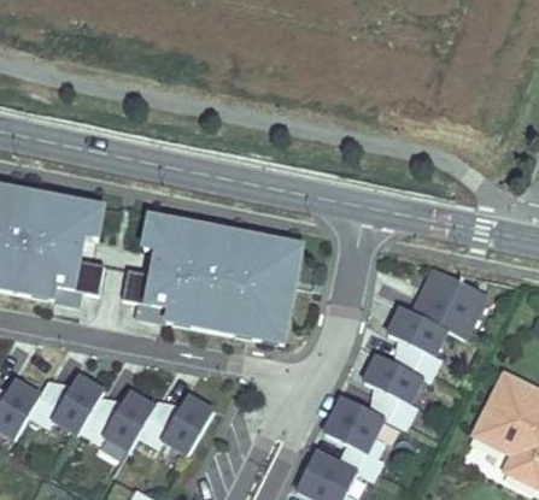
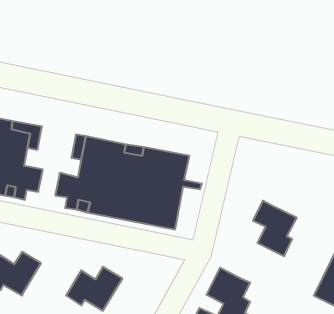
building: [412,267,487,337] -> none
building: [364,354,423,428] -> none
building: [78,390,153,451] -> none

